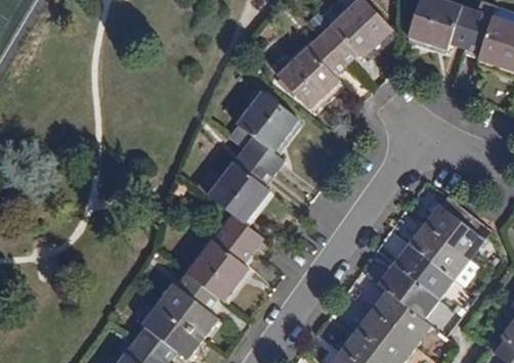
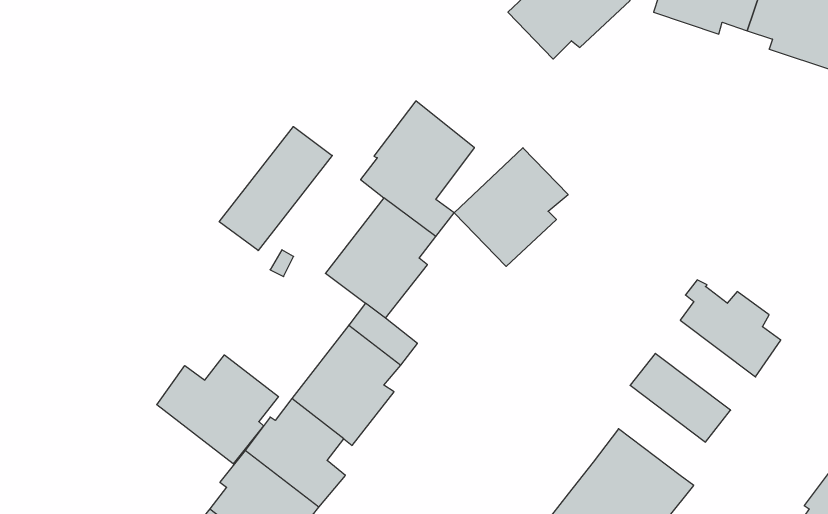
building: [275,37,345,109] -> [454,148,568,266]
building: none -> [219,127,332,251]
building: [408,225,469,280] -> none
building: none -> [157,355,278,464]
building: [377,265,438,320] -> none

